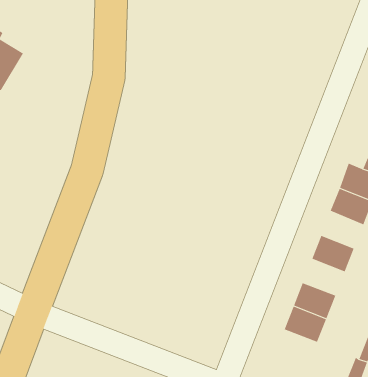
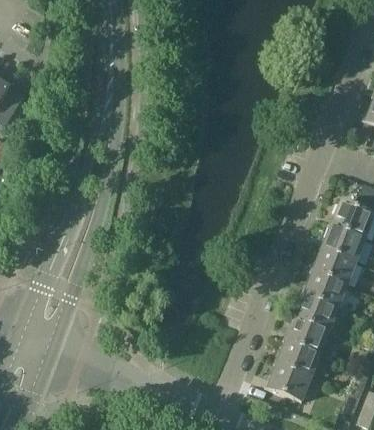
building: none -> [314,249,356,286]
building: none -> [296,296,338,332]
building: none -> [268,365,311,402]

